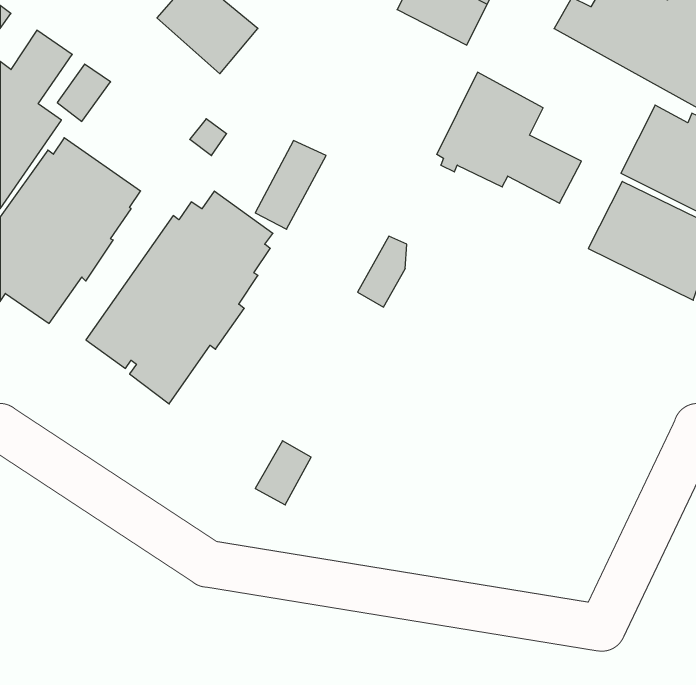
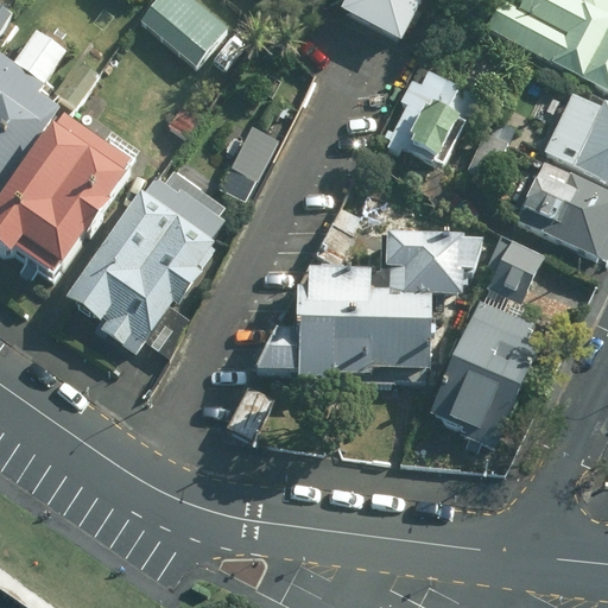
building: none -> [252,236,481,382]
building: none -> [487,236,539,300]
building: none -> [425,298,540,450]

